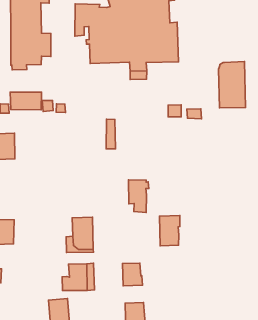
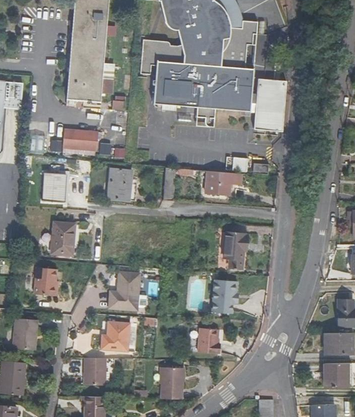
building: [218,62,245,108] -> [254,80,285,131]
building: none -> [204,171,240,194]
building: none -> [107,168,134,201]
building: none -> [50,221,74,254]
building: [129,180,149,213] -> [223,232,246,269]
building: [122,263,143,286] -> [200,325,221,350]

